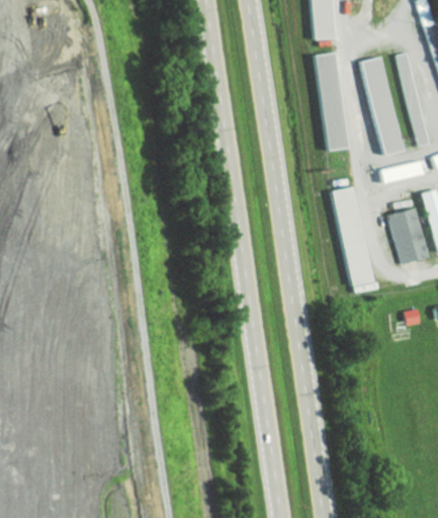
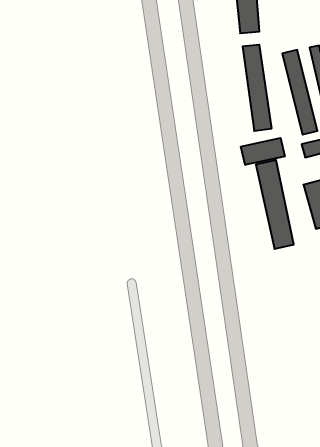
building: none -> [241,138,285,165]

